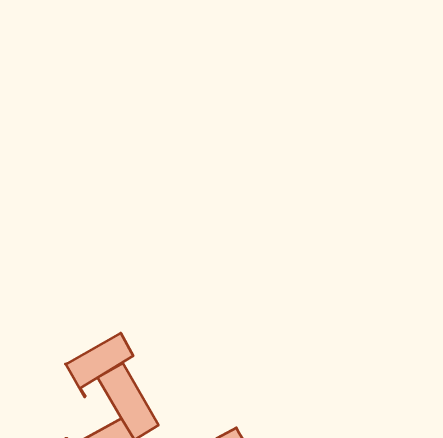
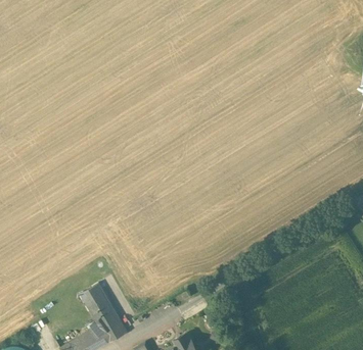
building: [65,333,133,397] -> none

